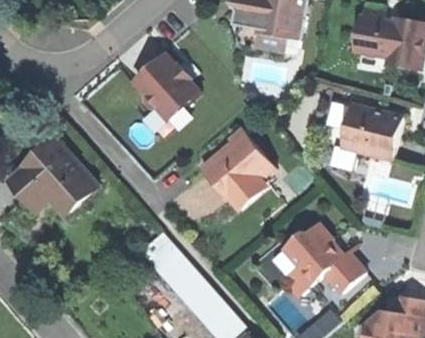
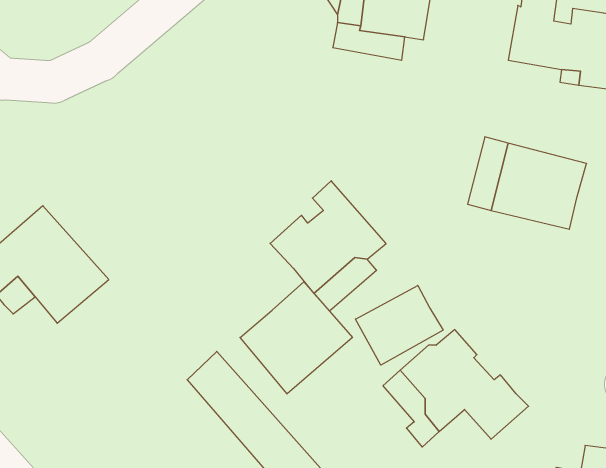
building: [132,52,197,119] -> none
building: none -> [240,282,352,394]
building: none -> [355,285,443,365]

